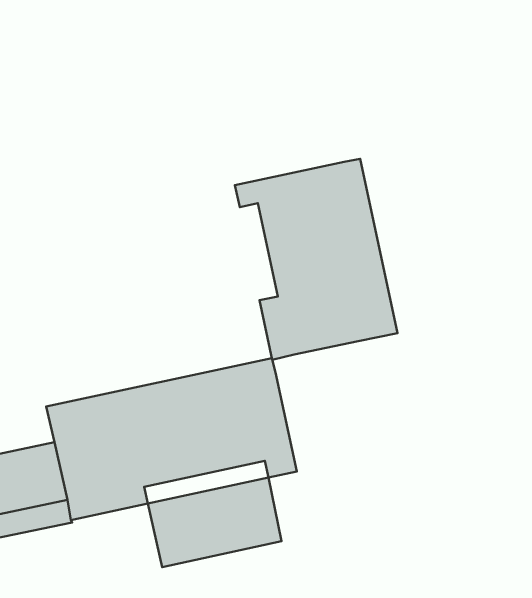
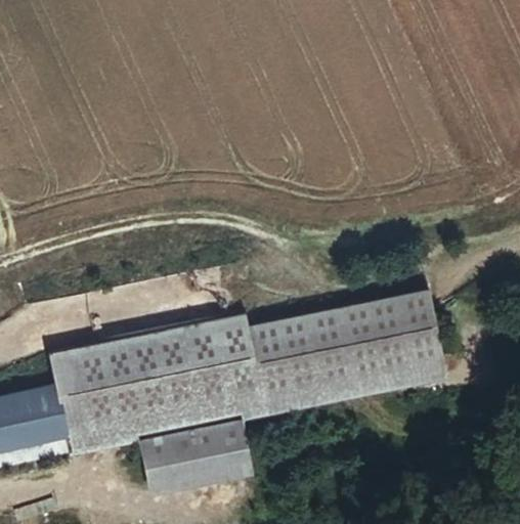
building: [235,159,398,360] -> none
building: none -> [248,288,447,412]

